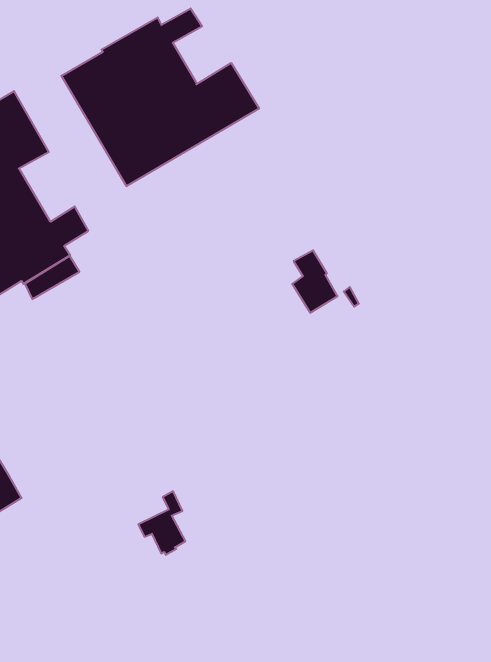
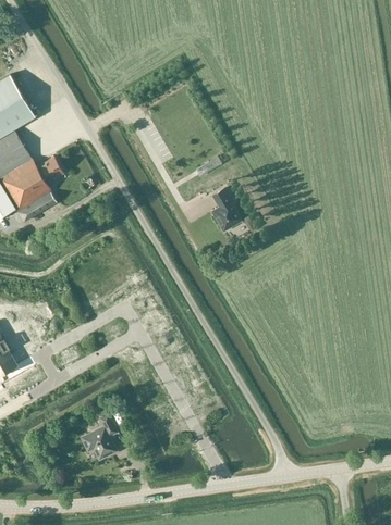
building: [61,8,259,186] -> none
building: [138,491,185,555] -> [83,415,117,461]

